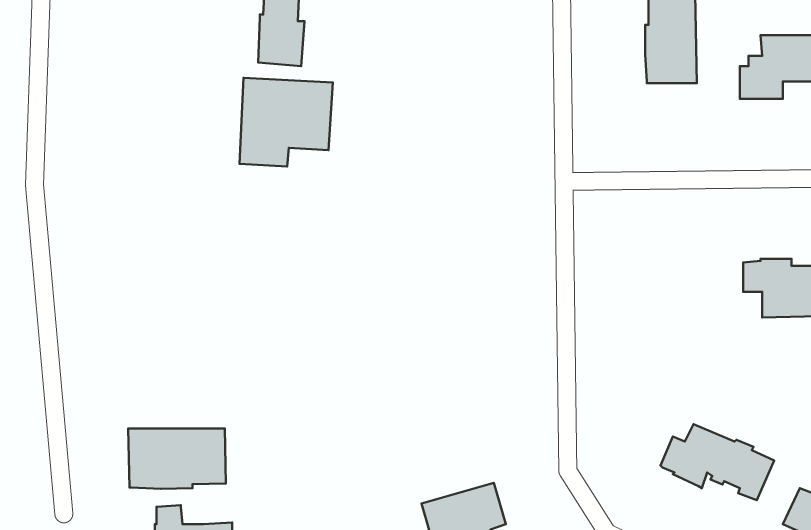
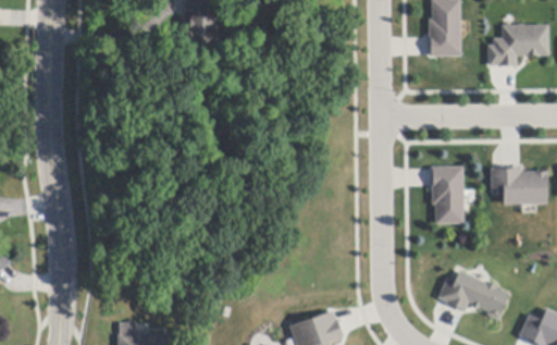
building: [239,78,333,166] -> none
building: none -> [432,167,463,223]
building: [128,428,226,489] -> none

